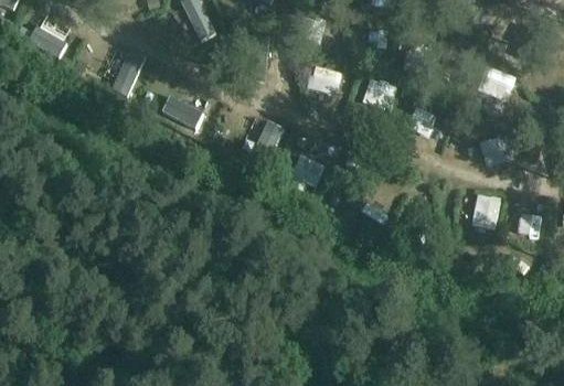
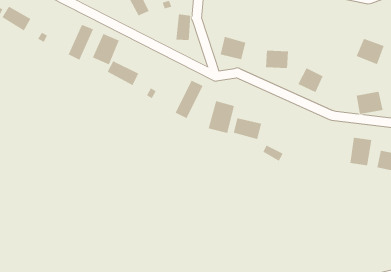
building: none -> [92,33,119,65]
building: none -> [233,117,262,140]

